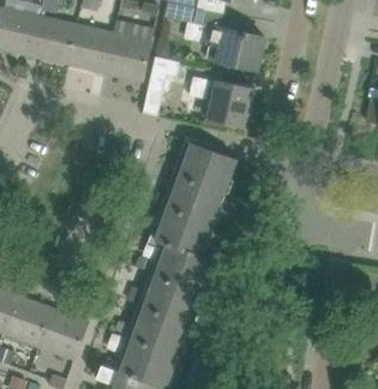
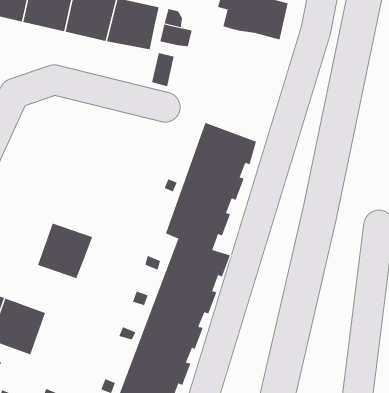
building: [187,77,252,127] -> none
building: [37,310,86,359] -> [37,223,93,279]

